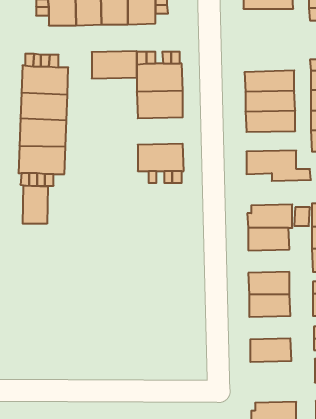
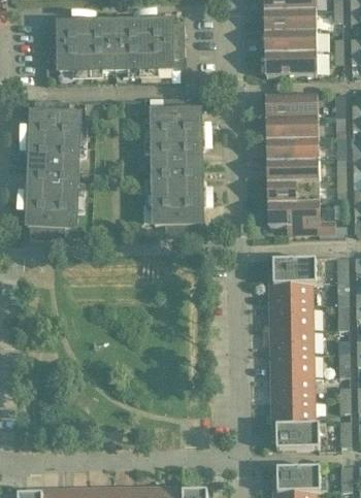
building: none -> [264,52,317,75]
building: none -> [265,94,318,119]
building: [92,51,137,78] -> [153,166,200,195]
building: none -> [267,180,320,202]
building: [23,186,48,224] -> none
building: none -> [269,305,313,330]
building: none -> [270,375,314,400]
building: none -> [271,423,319,449]

